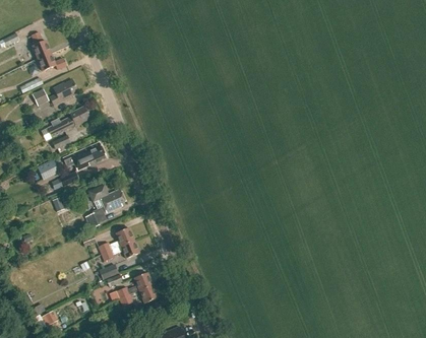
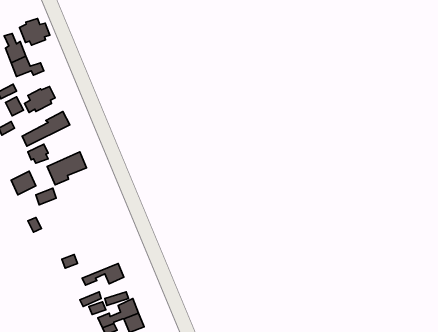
building: none -> [19,18,50,45]
building: [85,185,126,227] -> none
building: [99,227,134,254] -> none

